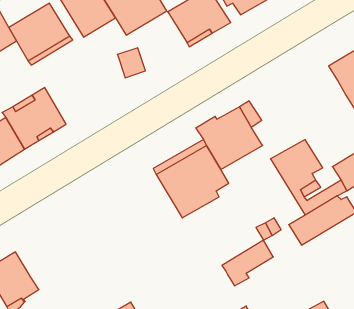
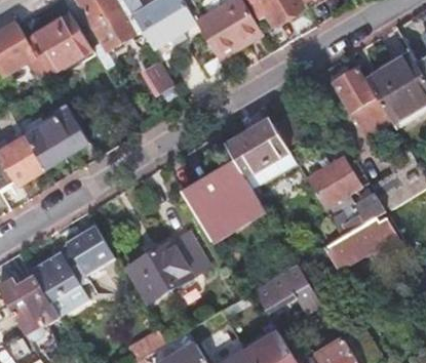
building: none -> [333,68,385,124]
building: none -> [30,226,113,302]
building: none -> [126,232,208,306]

